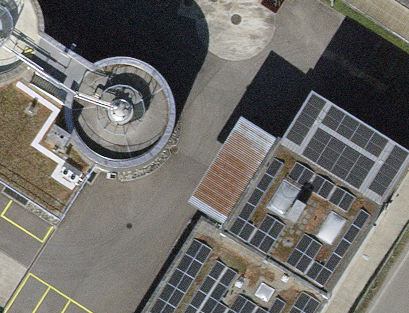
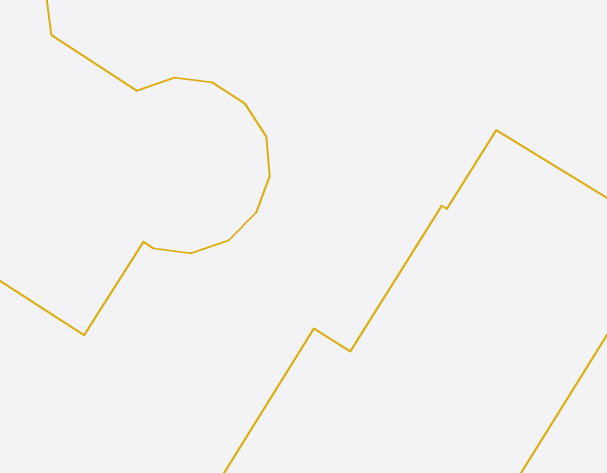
building: [190,113,282,225] -> none

